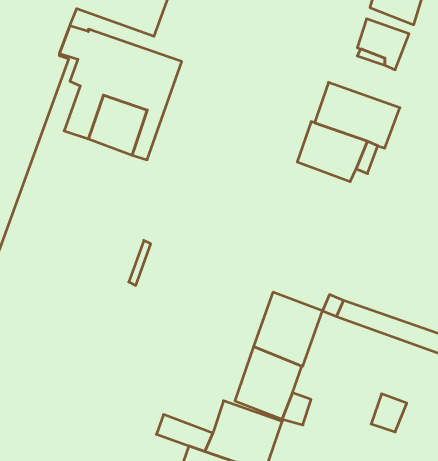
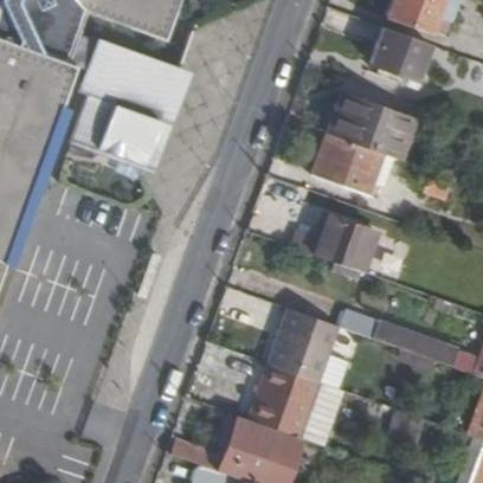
building: none -> [294,213,381,272]

